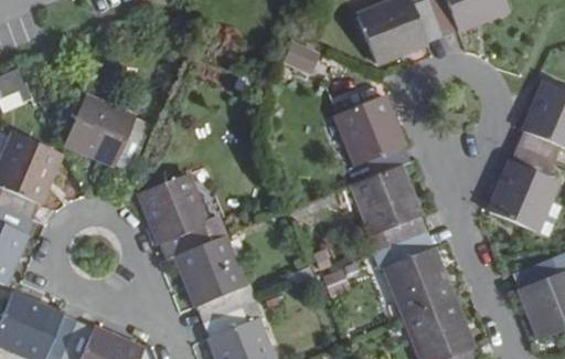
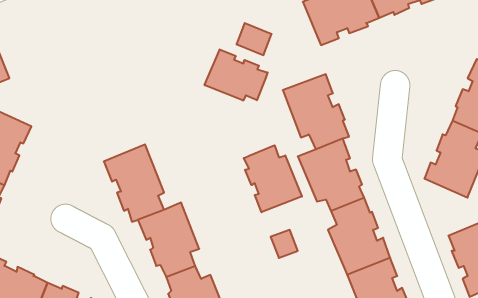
building: none -> [205,49,268,101]
building: [66,96,145,167] -> none
building: none -> [244,145,302,212]

